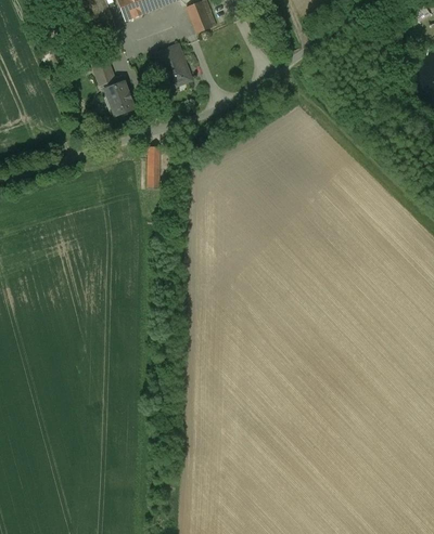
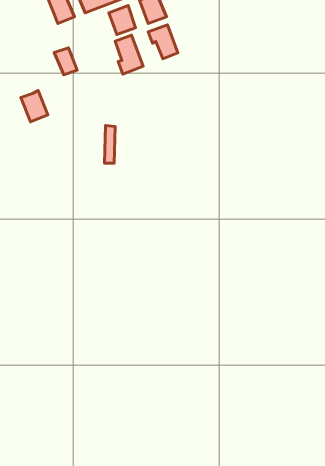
building: none -> [109,6,136,34]
building: none -> [148,25,178,59]
building: [104,80,135,115] -> [21,91,48,122]

